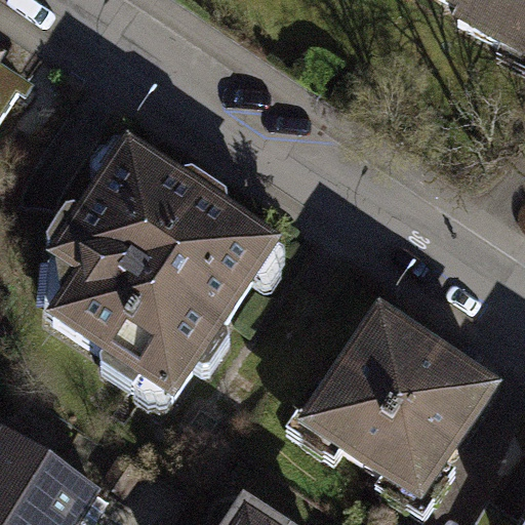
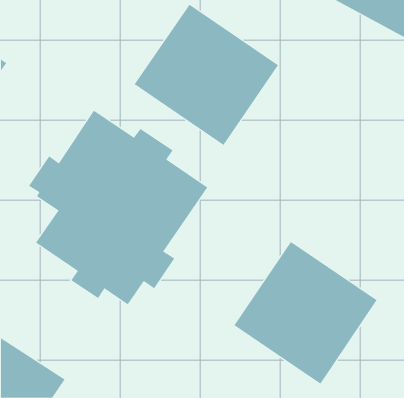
building: none -> [134,4,279,146]

